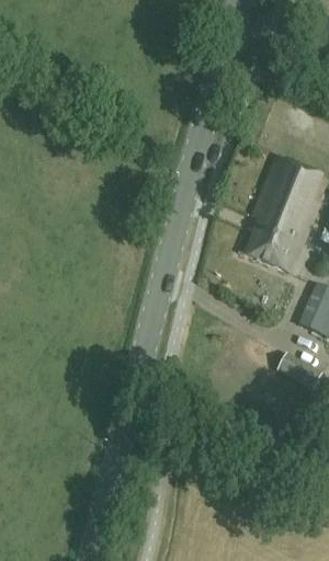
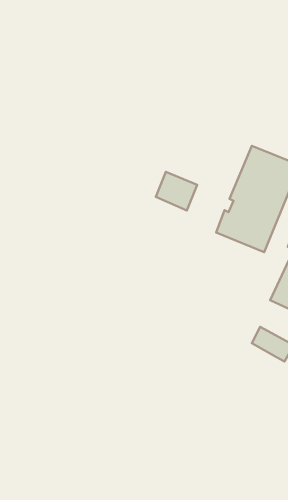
building: none -> [156,172,197,211]

